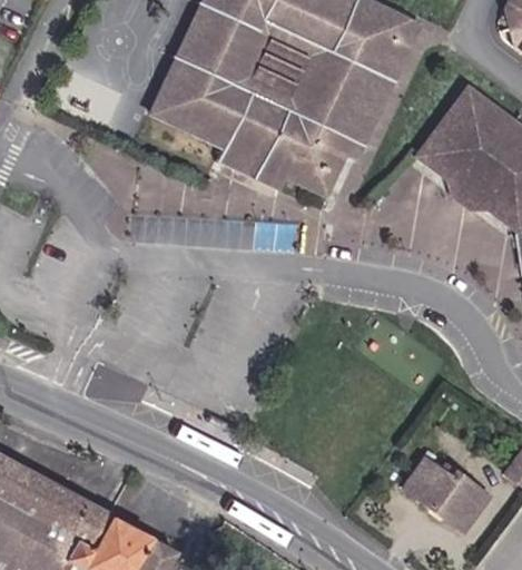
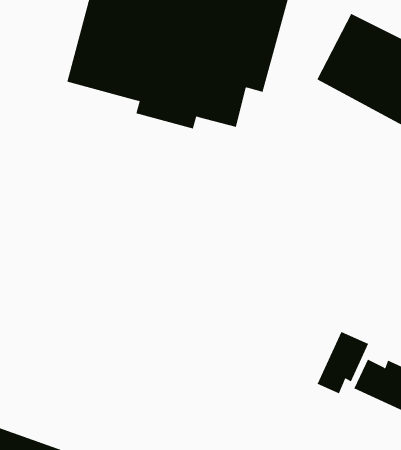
building: none -> [317,331,369,394]

